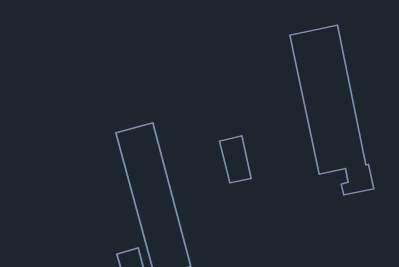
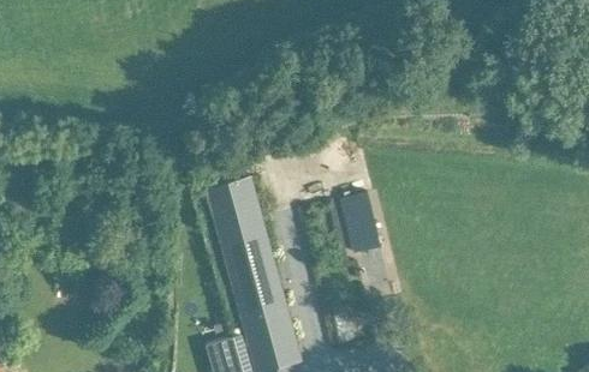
building: [290,25,374,195] -> none

